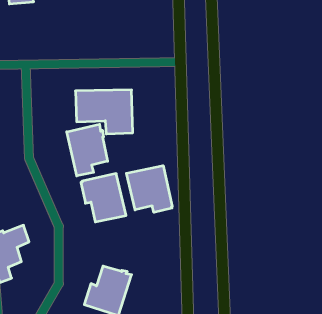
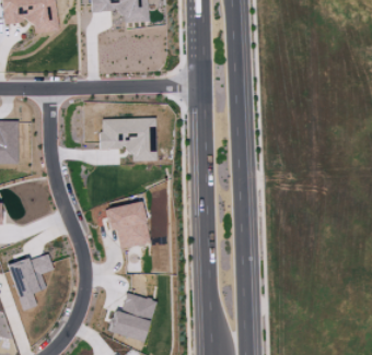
building: [67,124,108,176] -> none
building: [126,166,172,212] -> none

